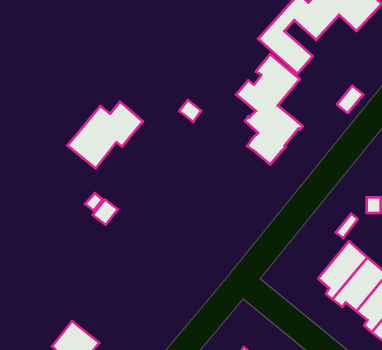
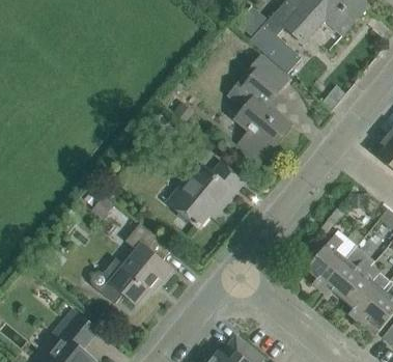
building: [67,102,143,168] -> [172,163,244,226]
building: none -> [92,223,172,304]

